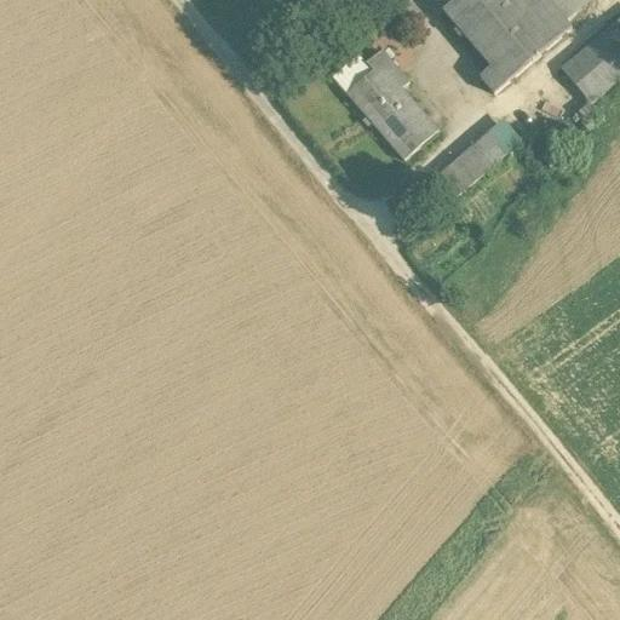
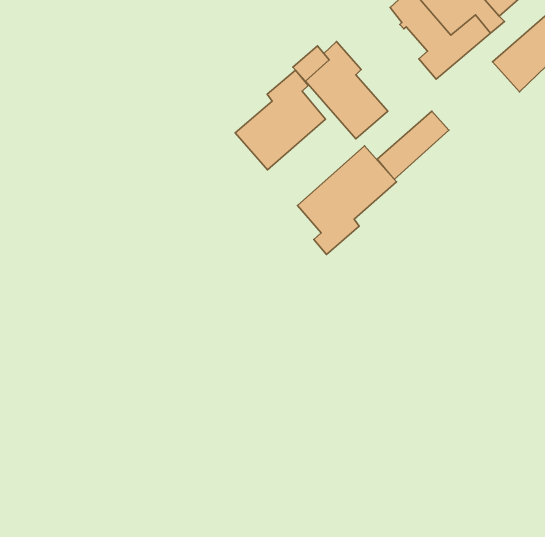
building: none -> [235,70,326,170]
building: none -> [298,146,397,255]

